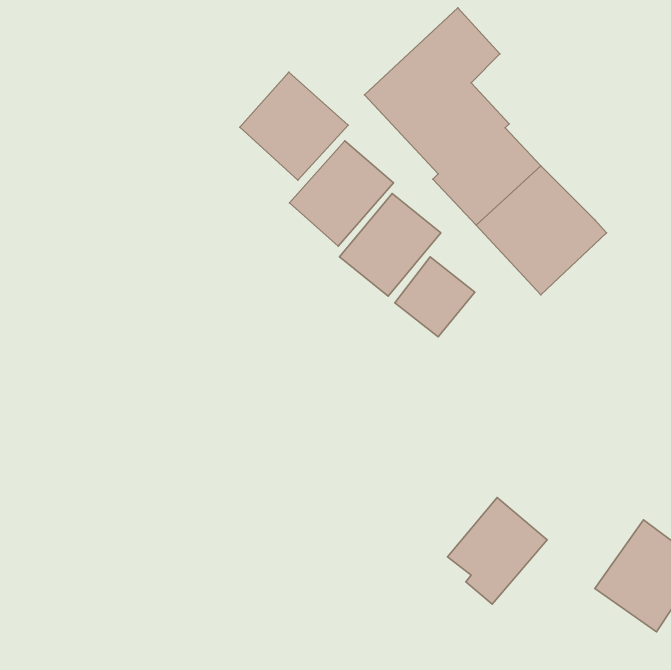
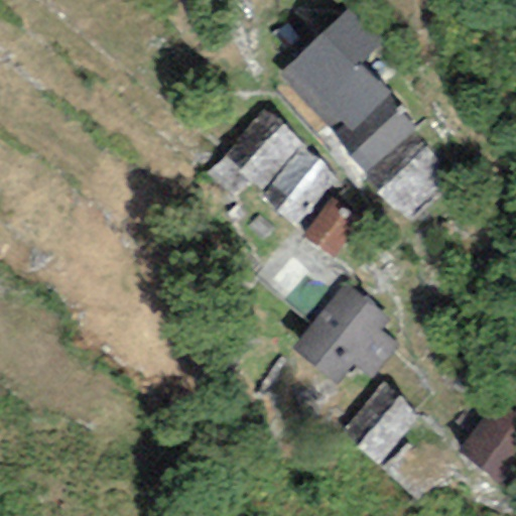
building: [240,72,348,180] -> none
building: none -> [291,281,397,384]

